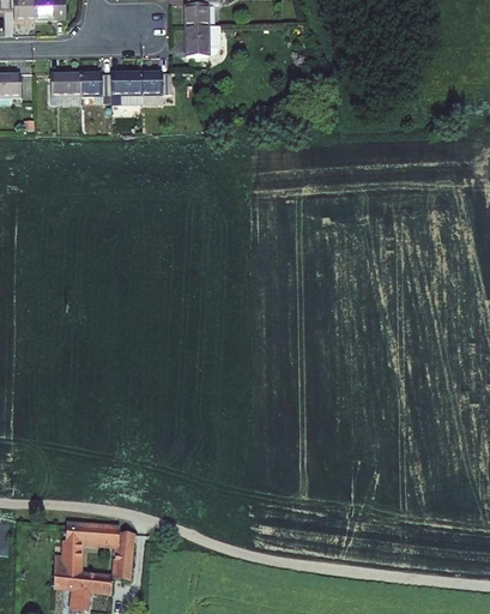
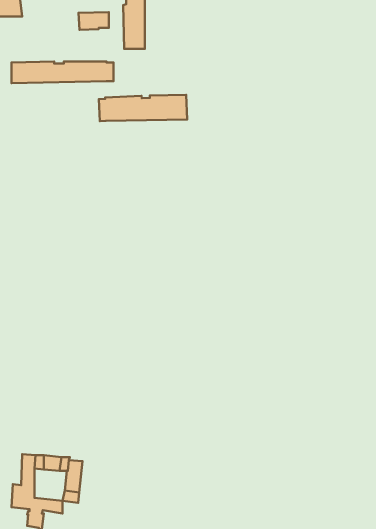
building: none -> [79,12,109,30]
building: none -> [99,95,187,121]

